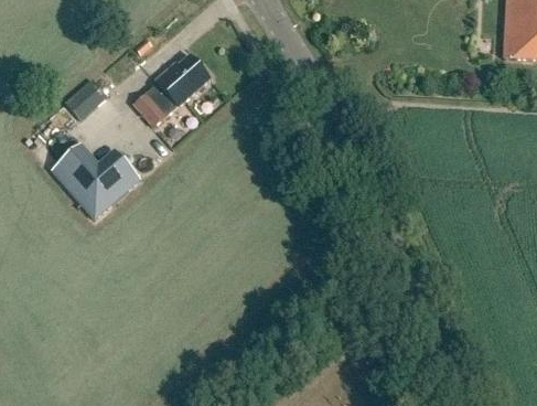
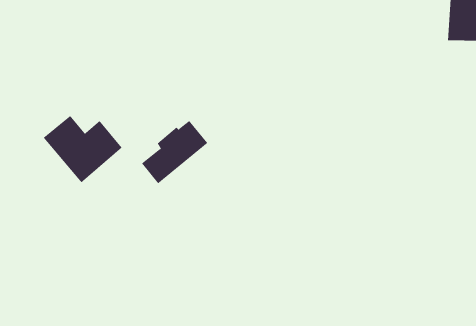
building: [137,54,212,126] -> [141,120,208,184]
building: [65,78,108,120] -> none

